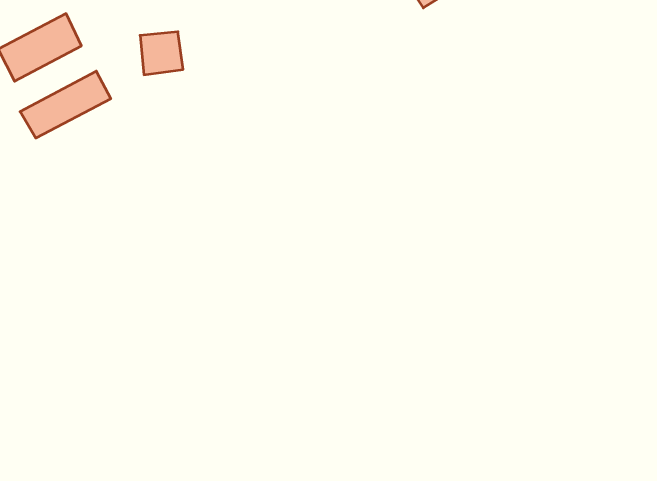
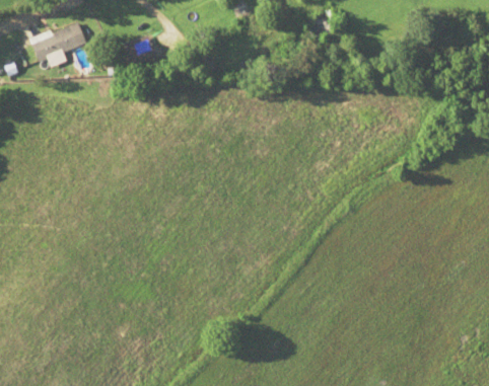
building: [20,71,111,138] -> none

